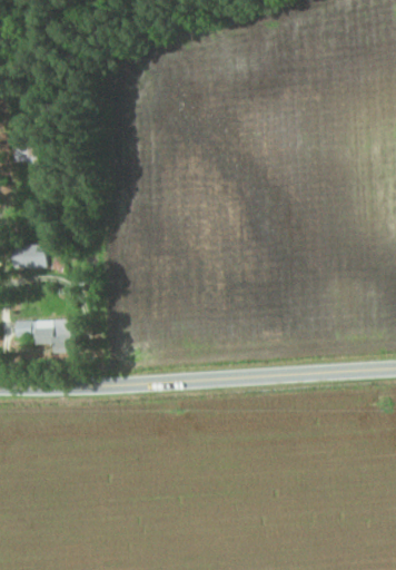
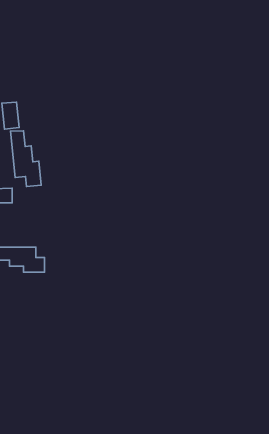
building: none -> [10,131,41,186]

